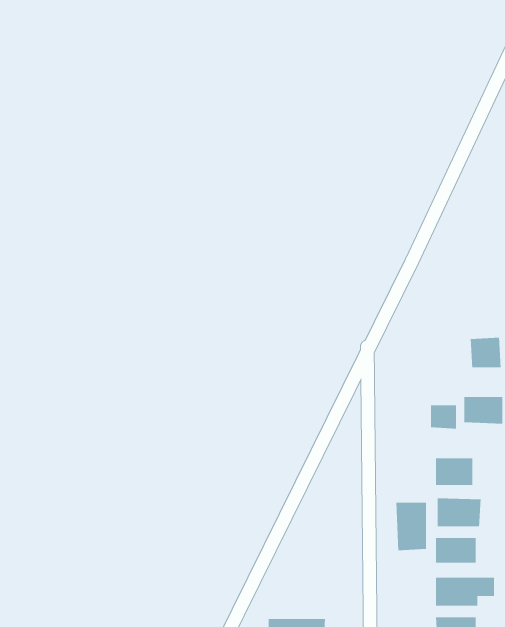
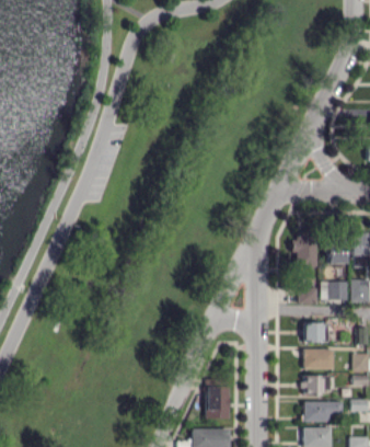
building: none -> [292,234,316,267]
building: [396,502,427,551] -> none
building: none -> [206,383,229,420]

